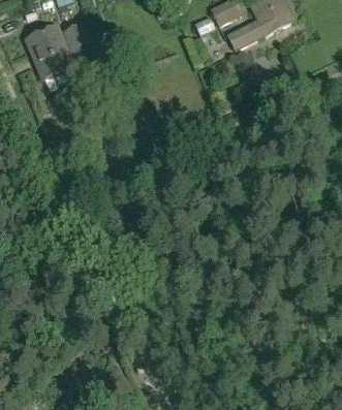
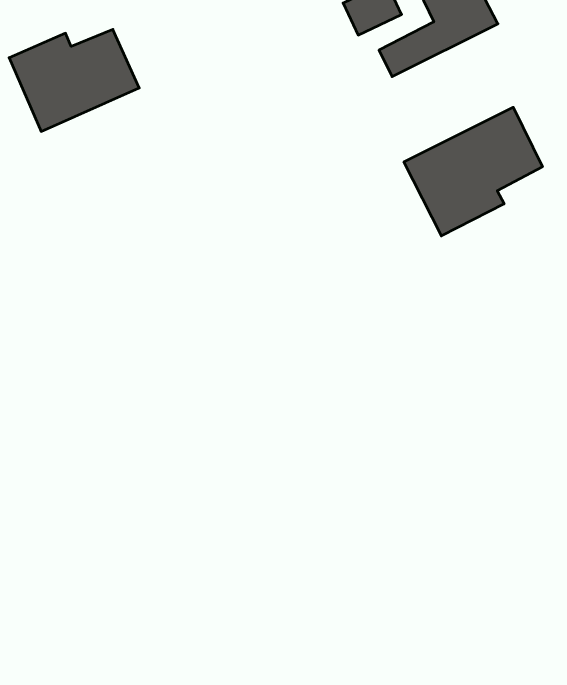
building: none -> [404,107,542,236]

